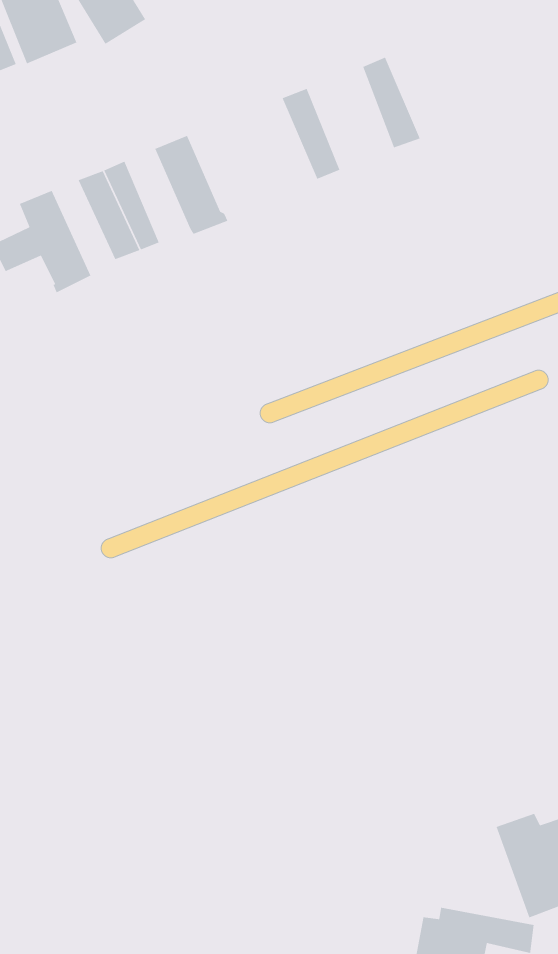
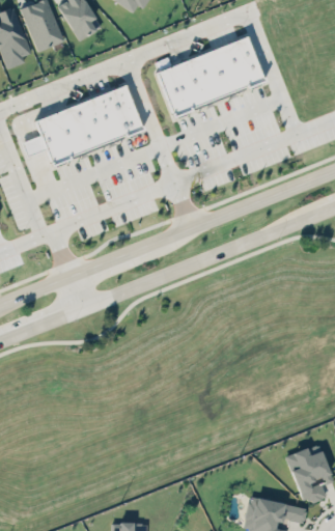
building: none -> [228,39,267,93]
building: none -> [199,52,232,102]
building: none -> [156,68,193,122]
building: none -> [90,95,124,145]

